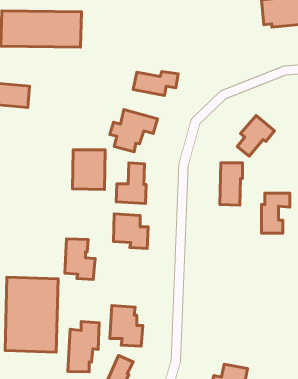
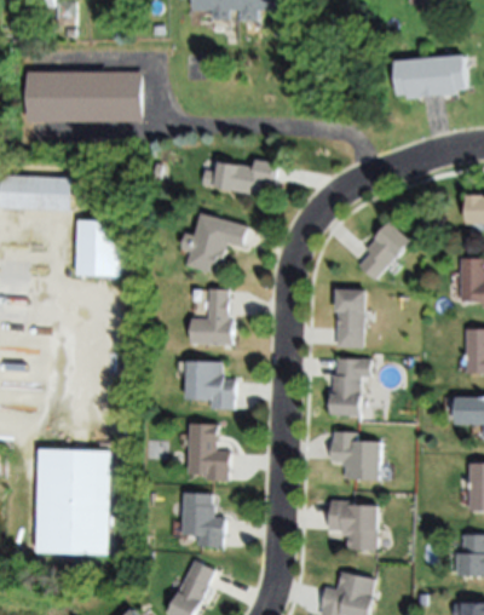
building: [72,150,105,190] -> [74,220,120,276]
building: [261,193,290,233] -> [330,356,370,412]
building: [65,239,95,279] -> [186,423,229,479]
building: none -> [329,430,380,477]
building: none -> [327,500,376,551]
building: [68,322,99,372] -> none

